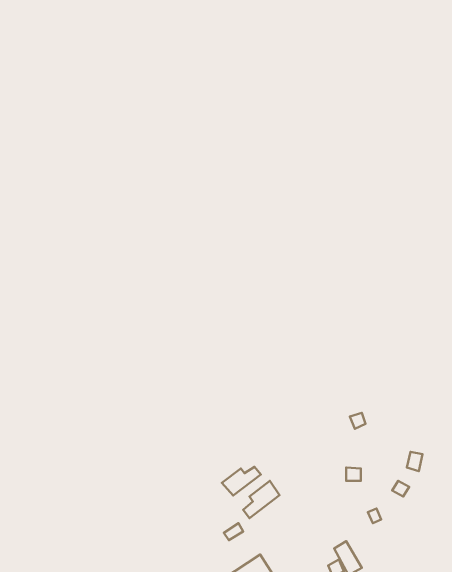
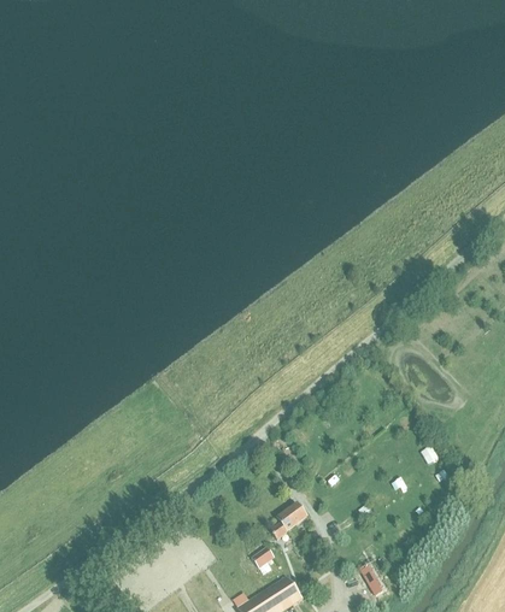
building: [222,467,261,496] -> none

